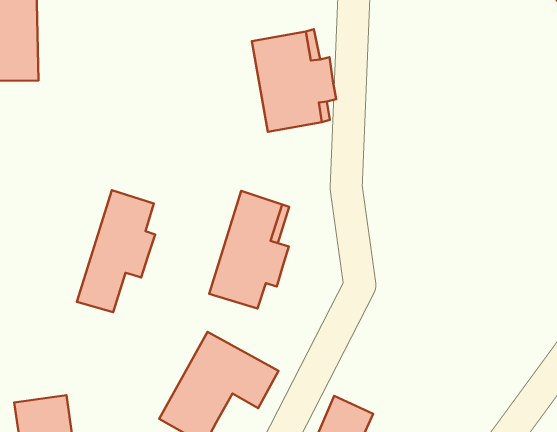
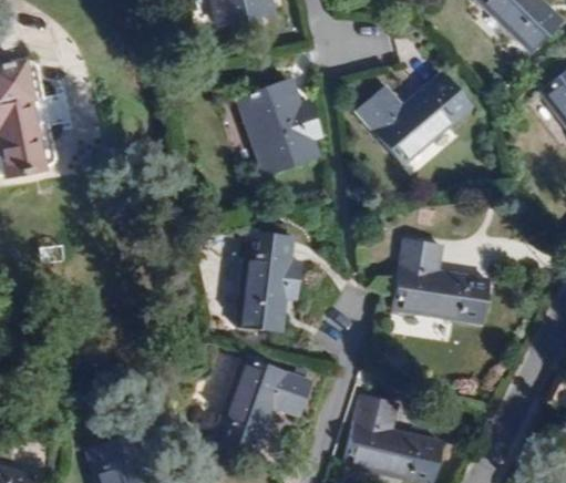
building: none -> [357,72,471,165]
building: [77,190,155,312] -> none
building: none -> [395,239,490,322]

